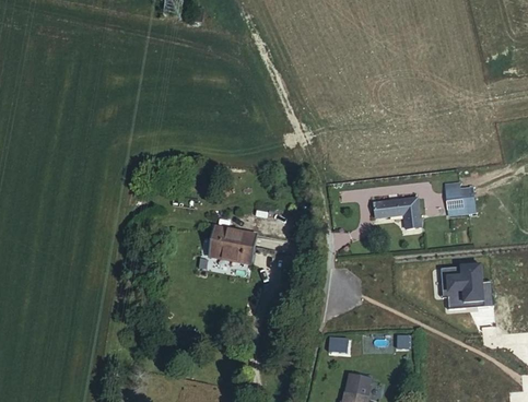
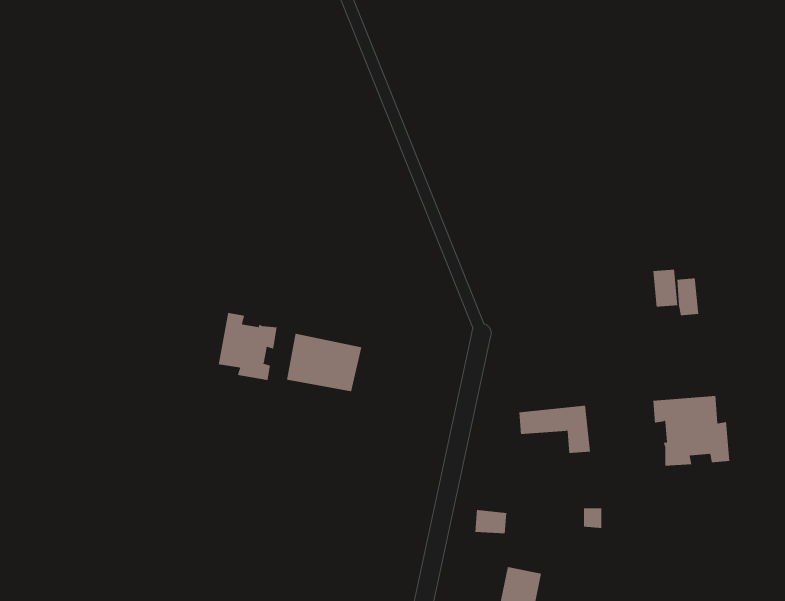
building: [371,198,416,228] -> [518,405,591,454]
building: none -> [218,312,277,381]

